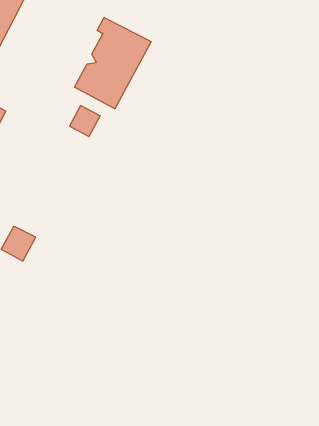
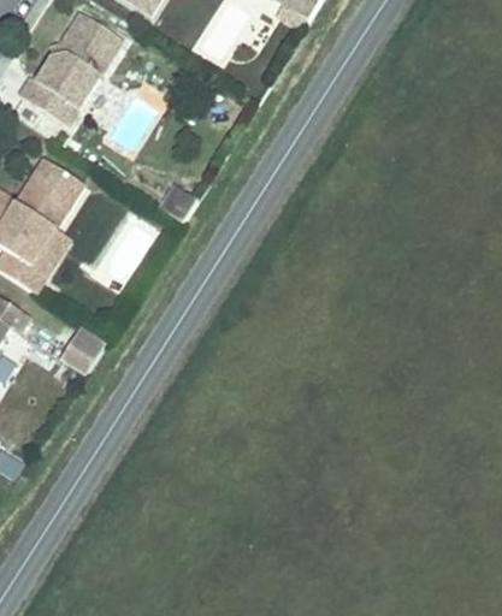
building: [75,17,151,109] -> none

